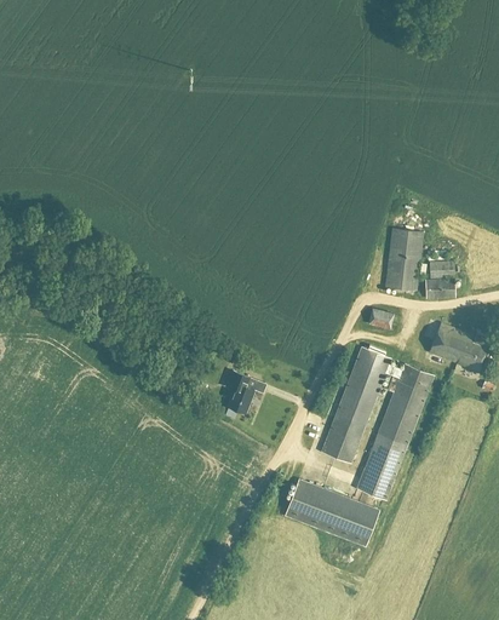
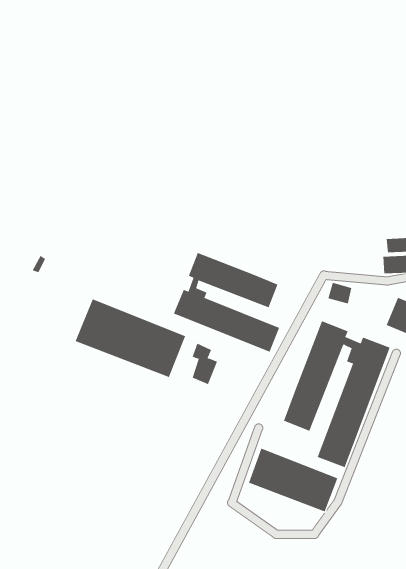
building: [385,228,421,289] -> none
building: none -> [173,252,280,353]
building: none -> [75,298,186,378]

